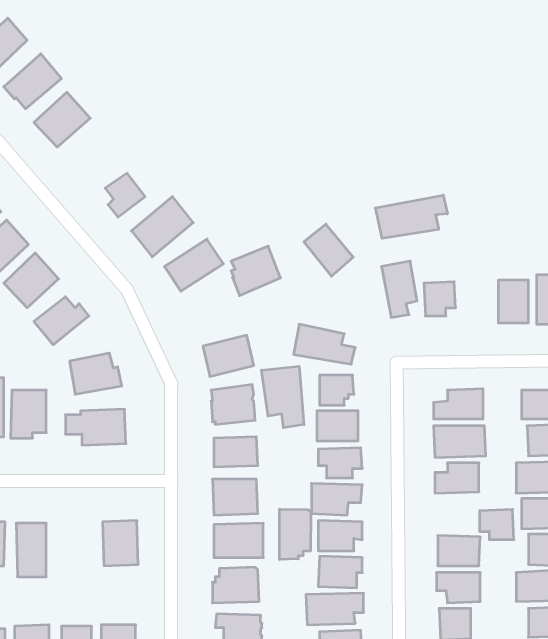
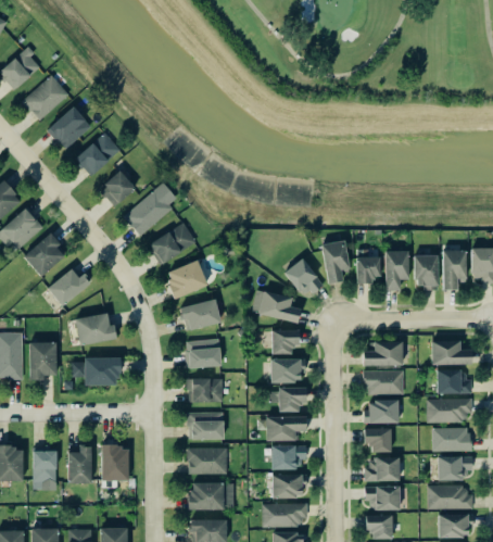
building: none -> [74,134,121,176]
building: [375,195,447,238] -> none
building: [304,224,353,276] -> [285,259,324,300]
building: [231,246,281,296] -> [168,260,207,299]
building: none -> [384,251,408,290]
building: [262,366,304,428] -> none
building: [280,509,311,560] -> none
building: [480,509,514,540] -> [364,428,391,452]
building: none -> [67,446,91,483]

